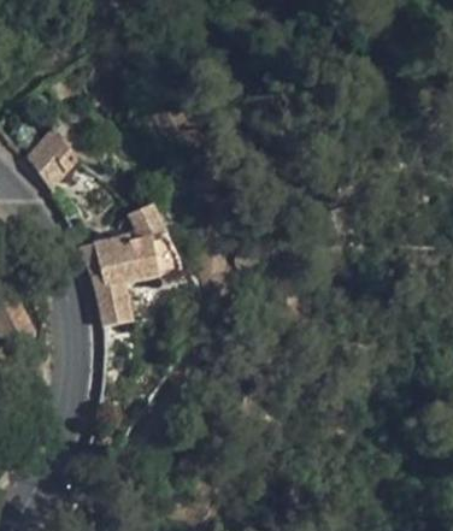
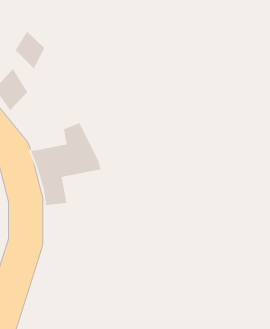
building: none -> [15,30,45,69]

